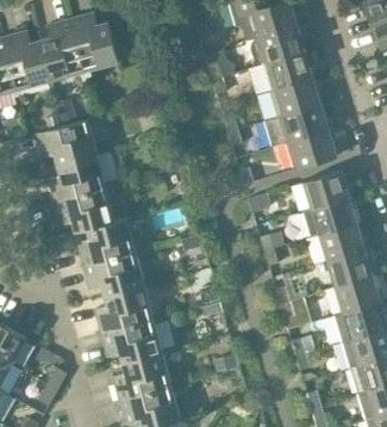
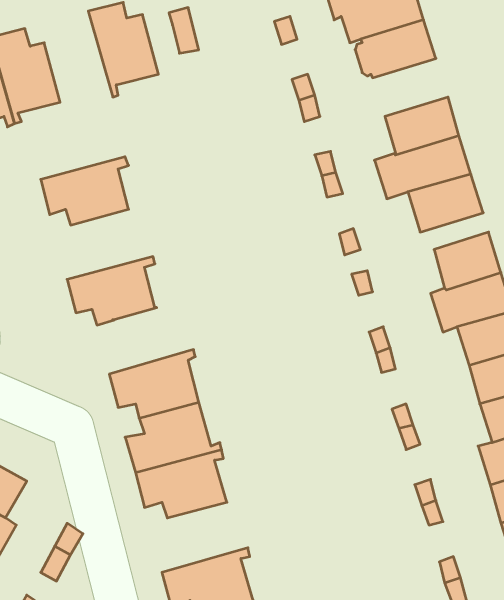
building: [39,19,86,81] -> none
building: [262,51,313,91] -> none
building: [48,154,113,202] -> none
building: [77,217,141,266] -> none
building: [112,353,177,401] -> none

